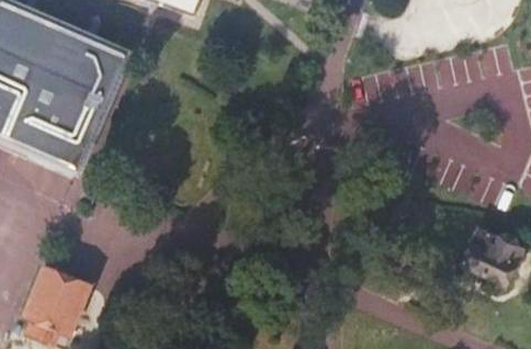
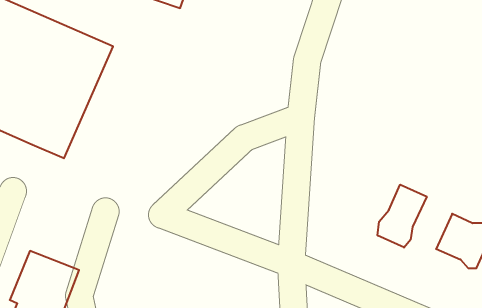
building: none -> [378,185,427,248]

